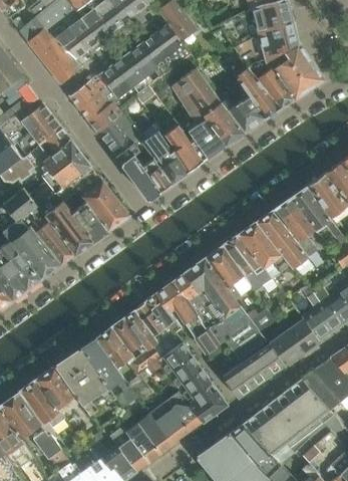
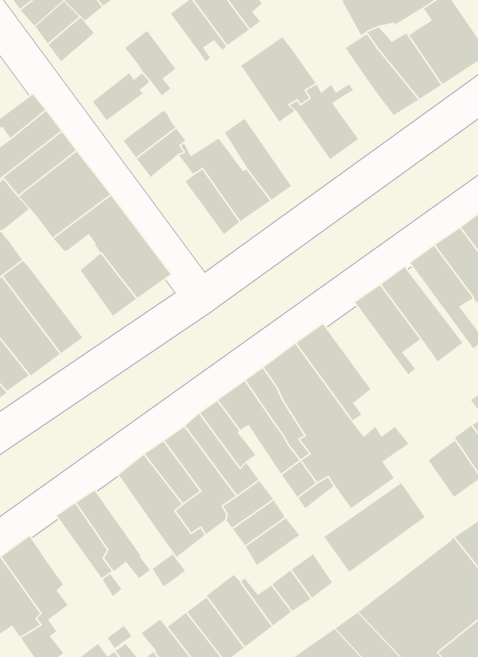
building: [113,54,155,103] -> none
building: [69,73,107,108] -> none
building: [228,91,265,132] -> none
building: [88,96,123,133] -> none
building: [189,114,226,157] -> none
building: [115,142,160,198] -> none
building: [42,201,92,254] -> none
building: [222,232,274,291] -> none
building: [269,329,302,365] -> none
building: [81,338,123,389] -> none
building: [41,364,92,416] -> none

